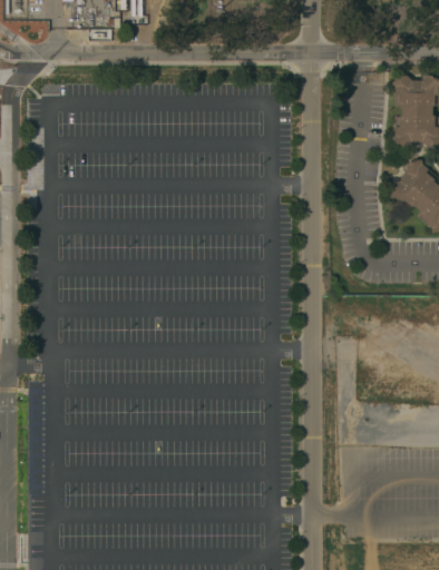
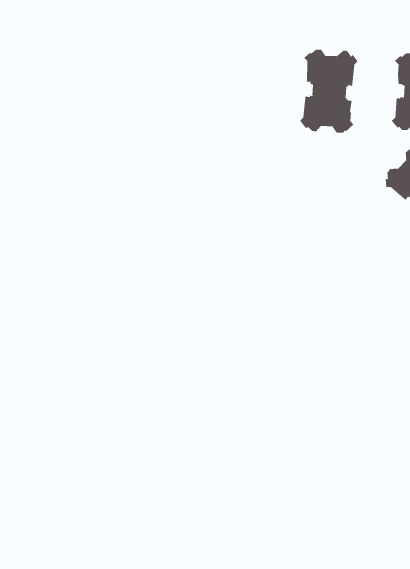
building: none -> [300,49,358,133]

